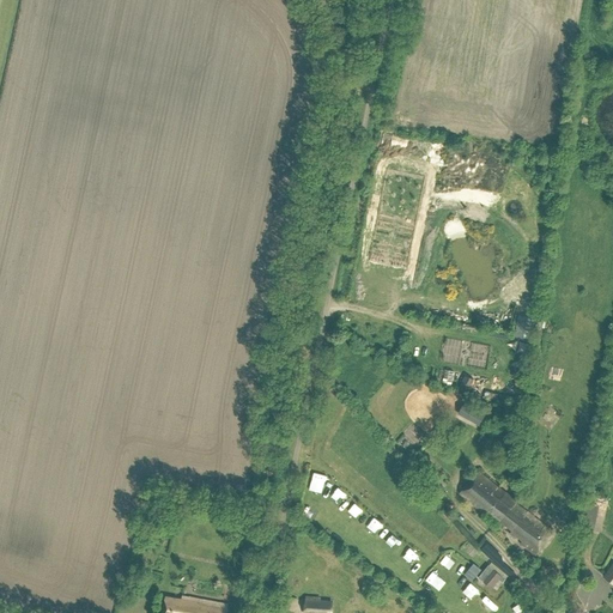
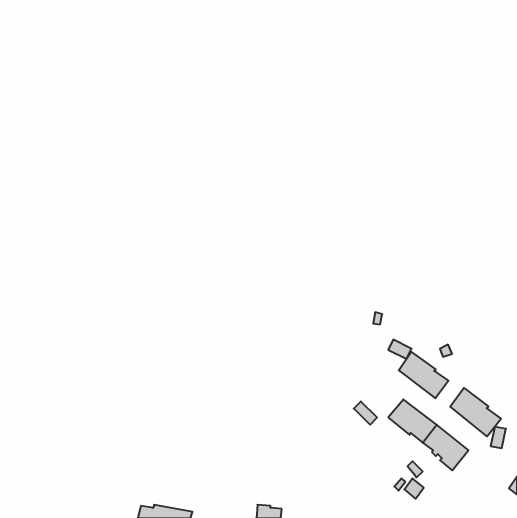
building: none -> [399,352,448,398]
building: none -> [450,388,501,436]

